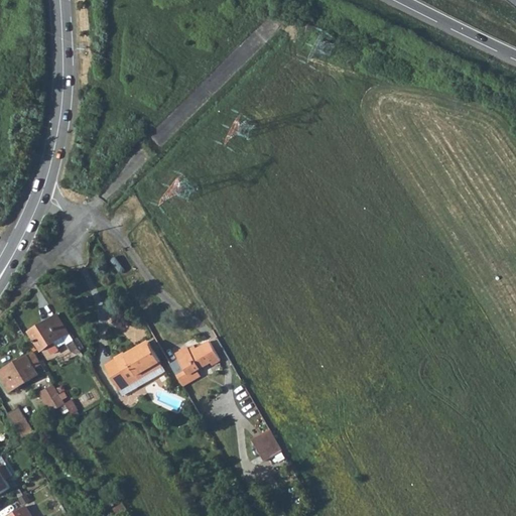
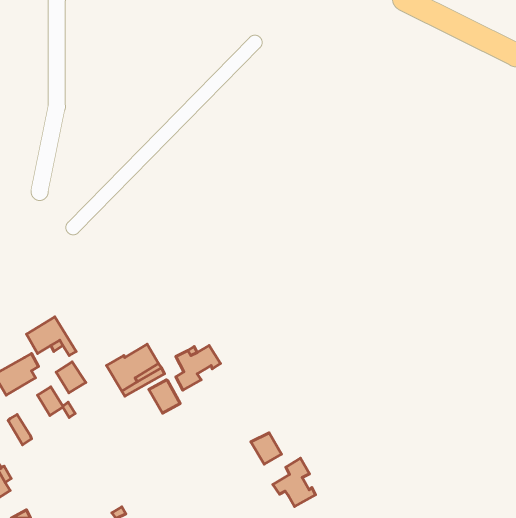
building: none -> [56,362,86,393]
building: none -> [149,380,180,413]
building: none -> [273,458,316,507]

